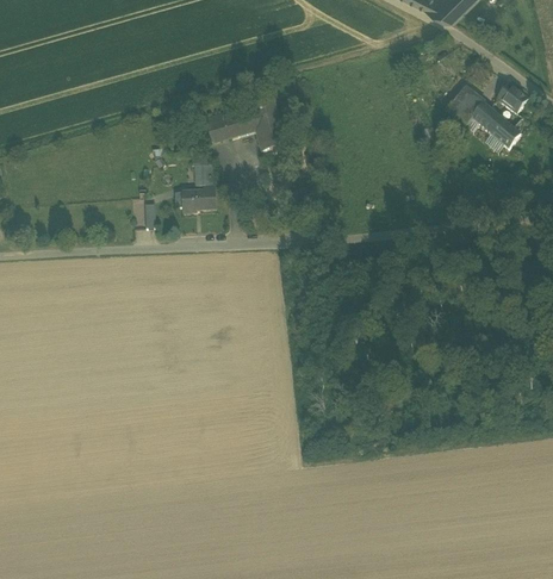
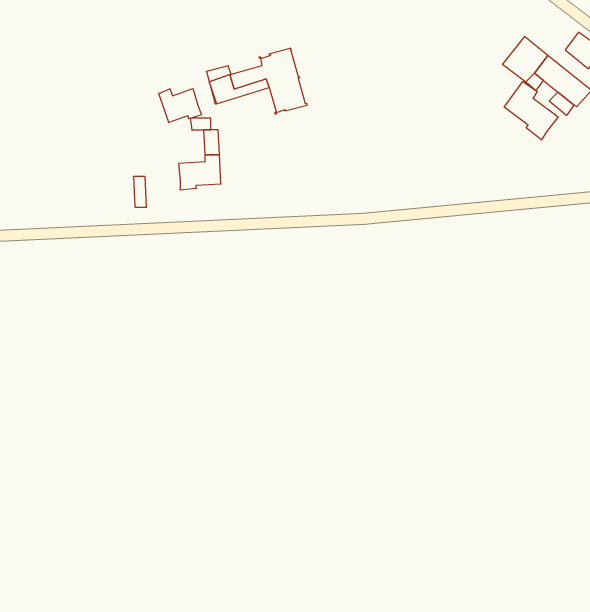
building: none -> [504,82,558,140]
building: none -> [159,89,202,123]

